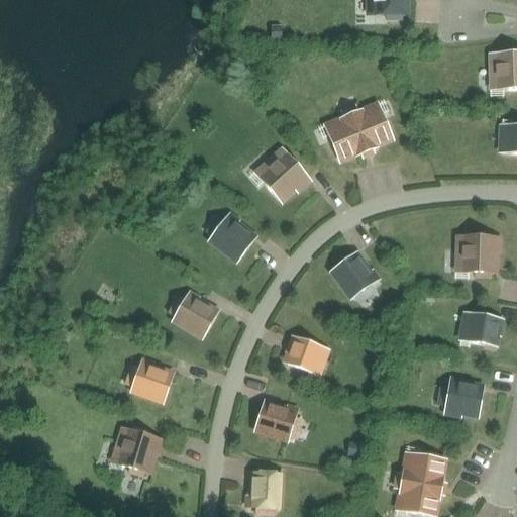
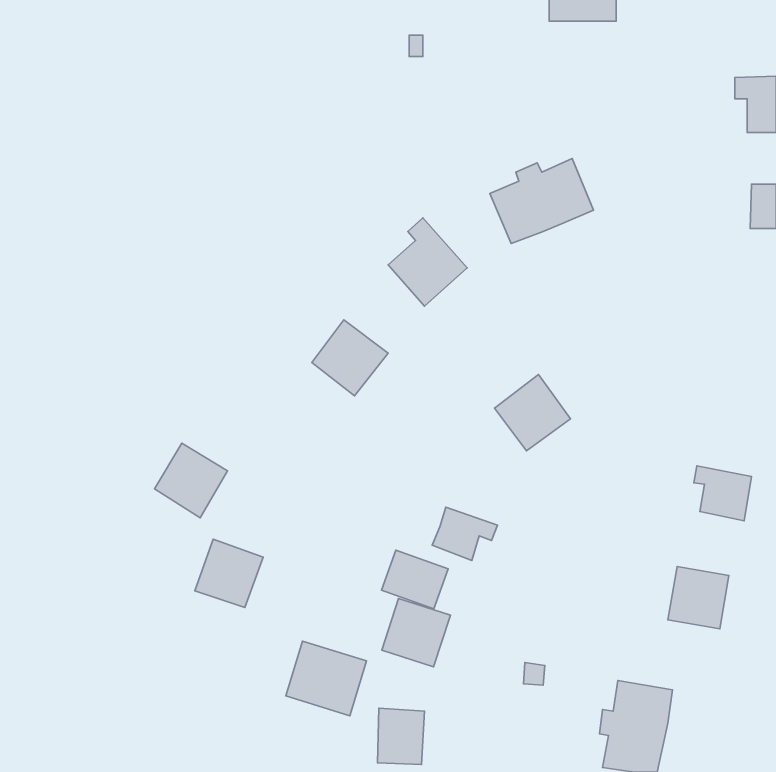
building: [461,232,498,272] -> none
building: [171,290,219,339] -> [155,443,228,518]
building: none -> [382,550,448,609]
building: [109,424,163,474] -> [286,641,367,716]

